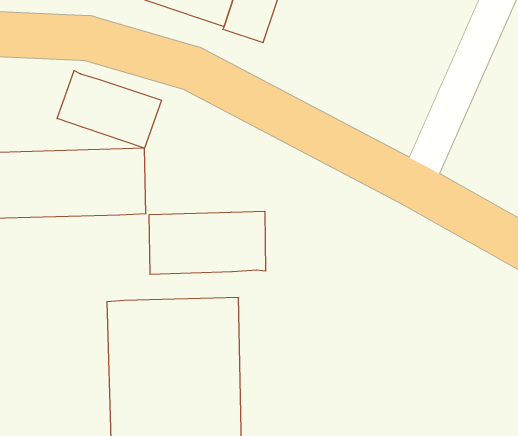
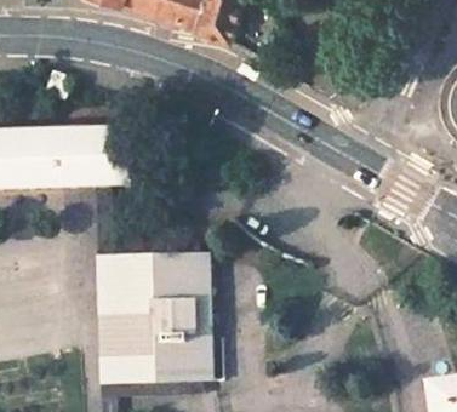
building: [57,71,161,148] -> none
building: [149,211,266,274] -> none

